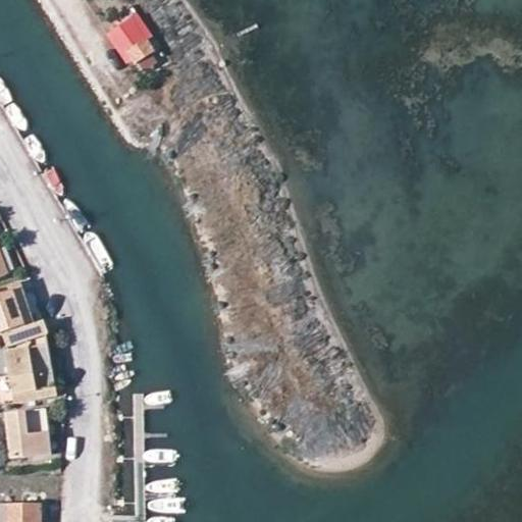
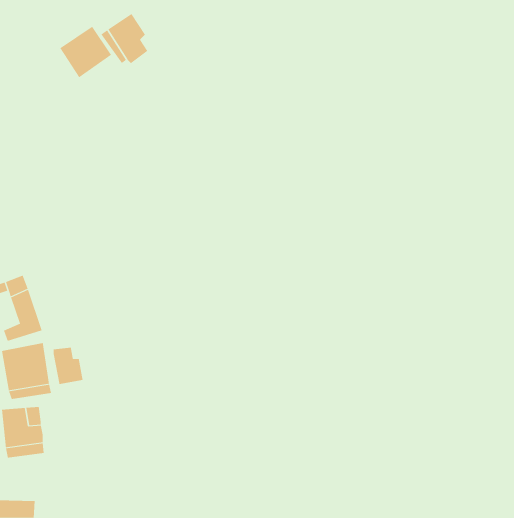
building: none -> [59,26,112,78]
building: none -> [53,347,83,385]

